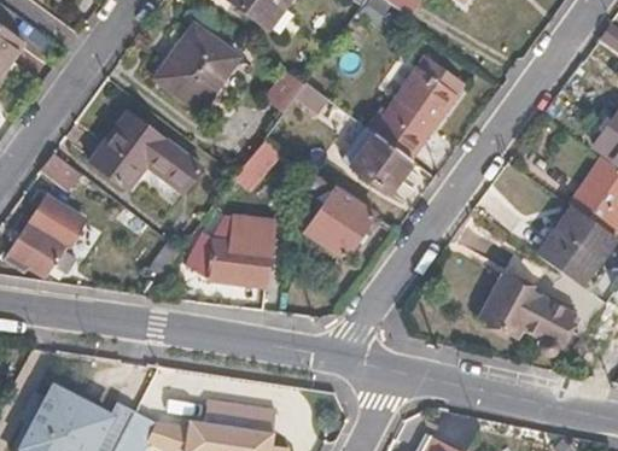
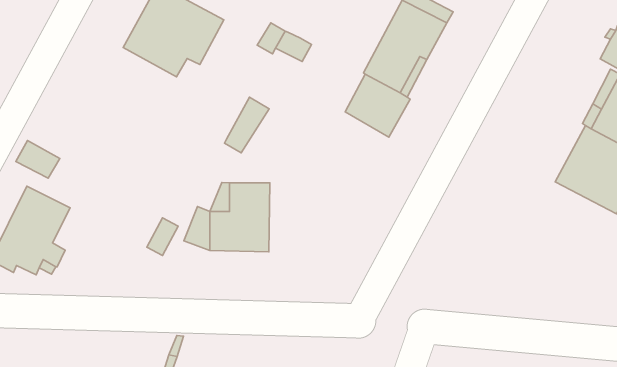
building: [89,112,202,193] -> none
building: [303,187,373,257] -> none
building: [479,276,573,353] -> none

